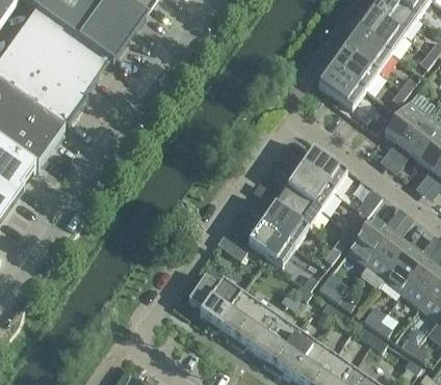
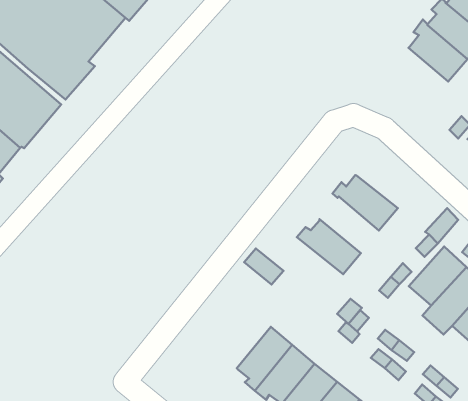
building: [317,61,364,108] -> none
building: [294,148,346,191] -> none
building: [268,186,319,228] -> none
building: [247,220,294,266] -> none
building: [187,275,241,330] -> none

